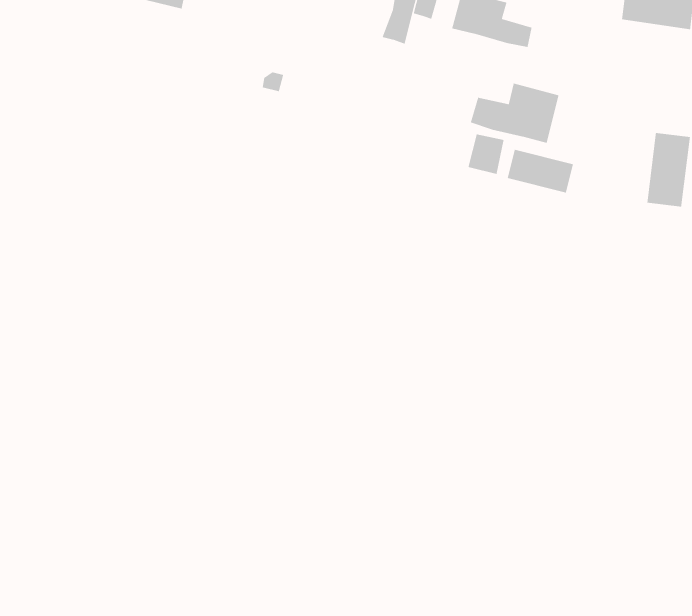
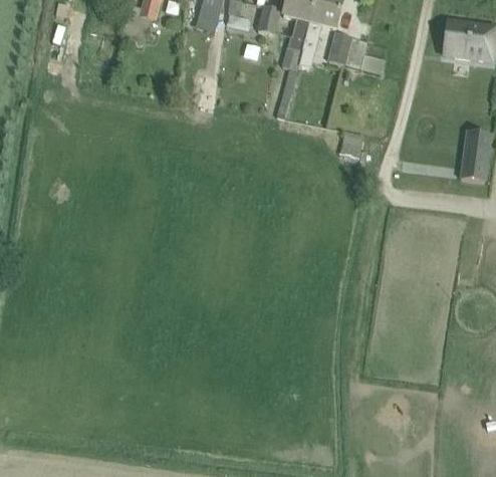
building: [470,83,560,144] -> none
building: [507,149,574,193] -> none

